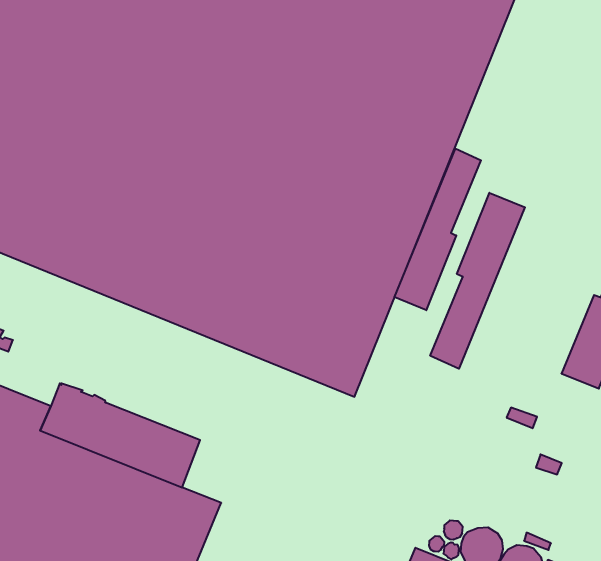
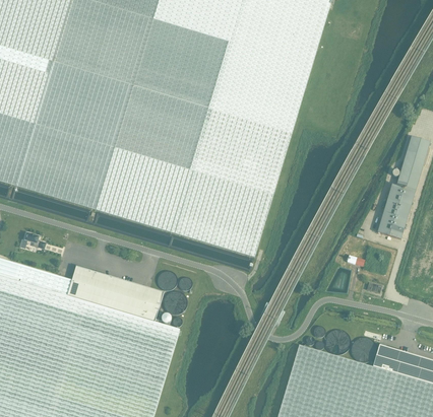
building: [395,149,481,310] -> none
building: [430,193,525,369] -> none

